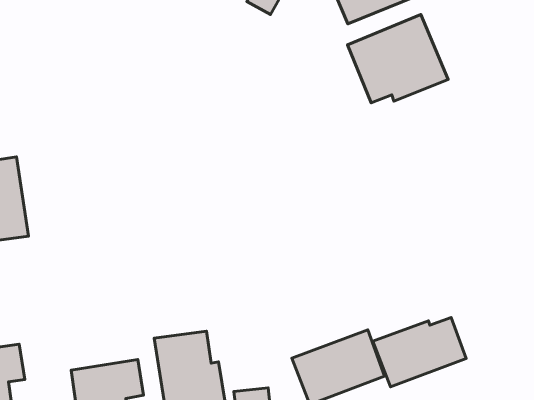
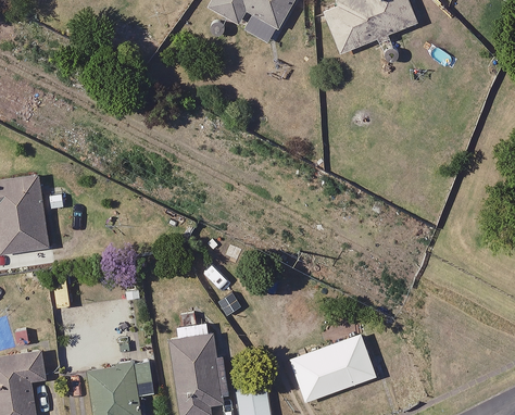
building: [347,15,448,103] -> none
building: [373,318,466,387] -> none

